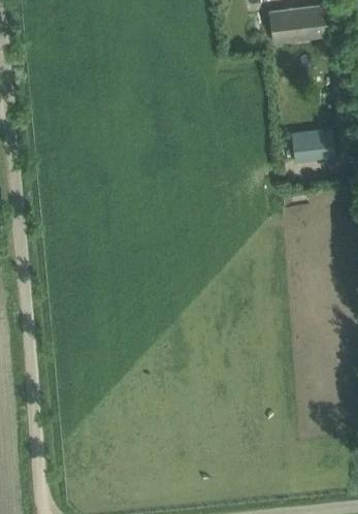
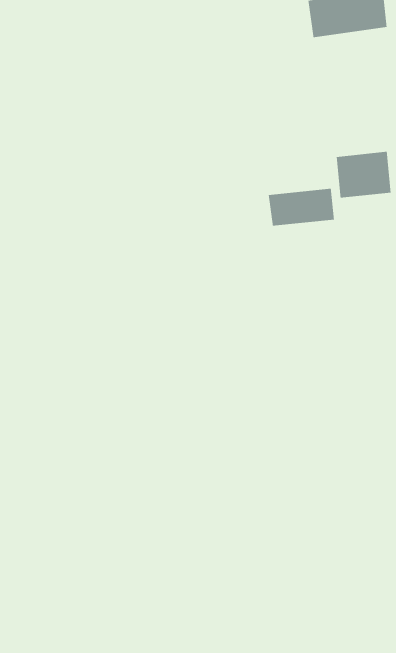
building: none -> [268,188,335,227]

